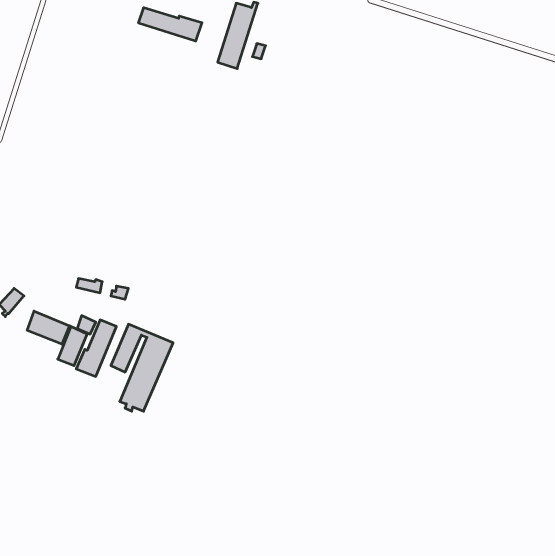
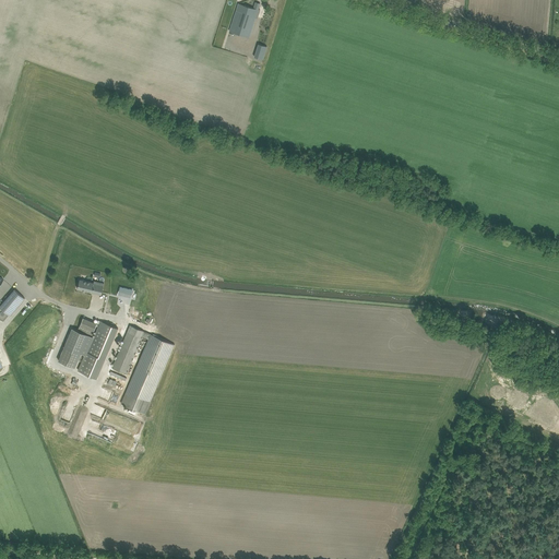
building: [139,8,202,41] -> none
building: [27,311,70,344] -> none

